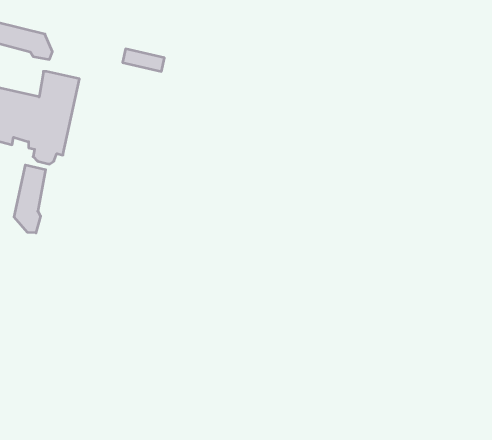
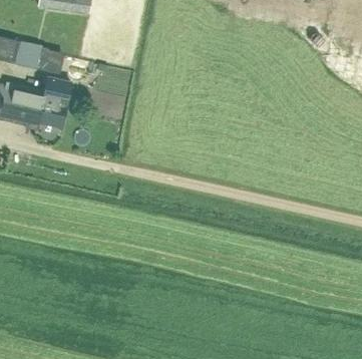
building: [14,165,46,233] -> none

